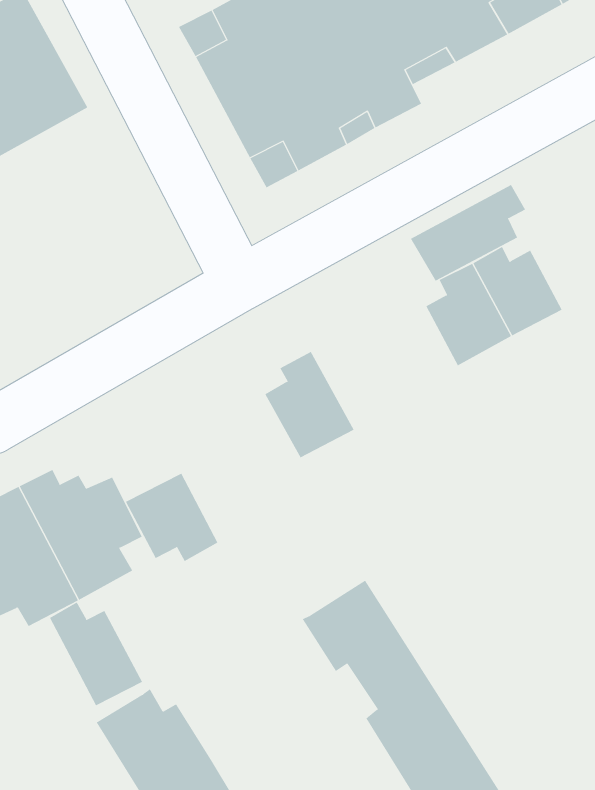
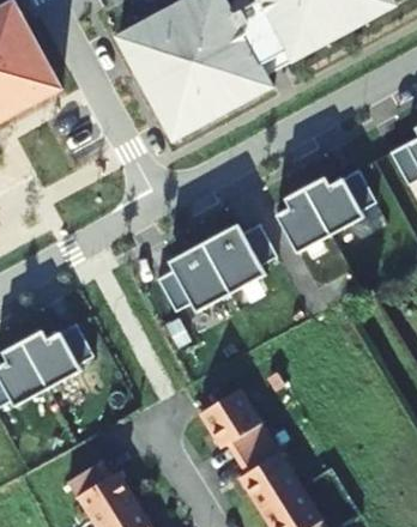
building: [410,184,526,282] -> none
building: none -> [201,230,264,292]
building: [125,473,218,562] -> none
building: [49,602,143,706] -> none

